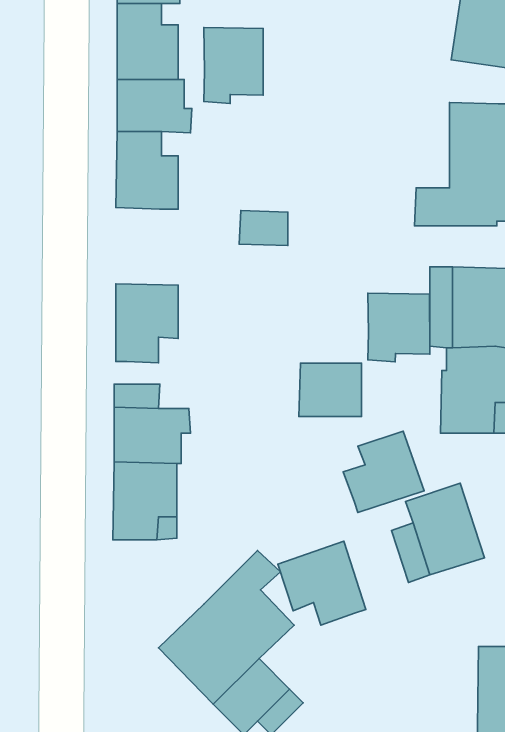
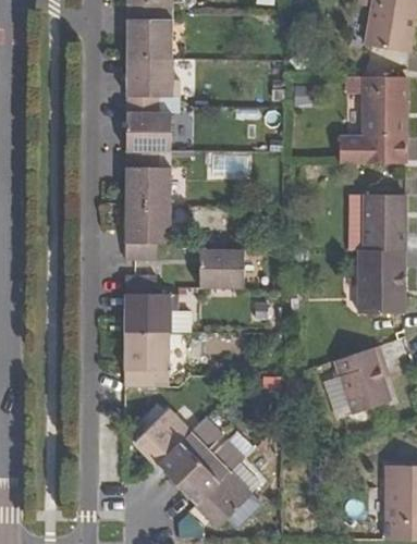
building: [204,27,263,104] -> none
building: none -> [125,149,171,205]
building: [368,293,430,362] -> none
building: [299,363,361,416] -> [198,249,243,287]
building: [343,431,424,512] -> none
building: [278,541,366,625] -> none
building: none -> [134,409,188,463]

